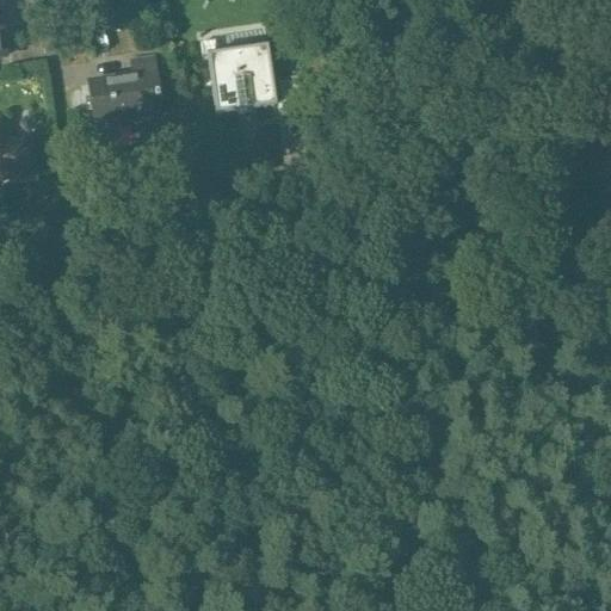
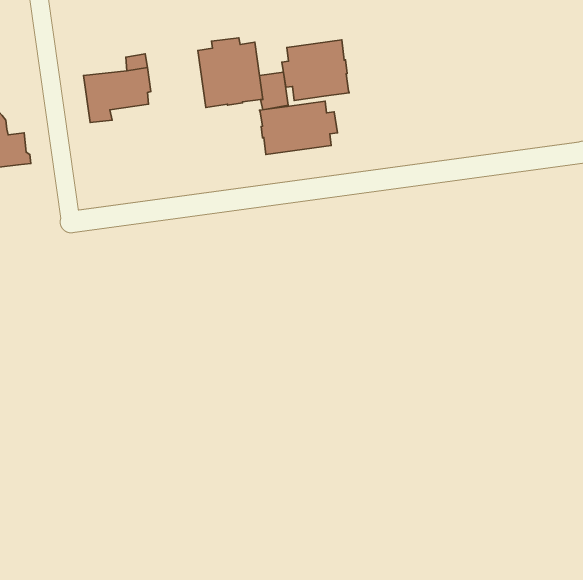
building: none -> [282,40,349,100]
building: none -> [260,101,338,154]

